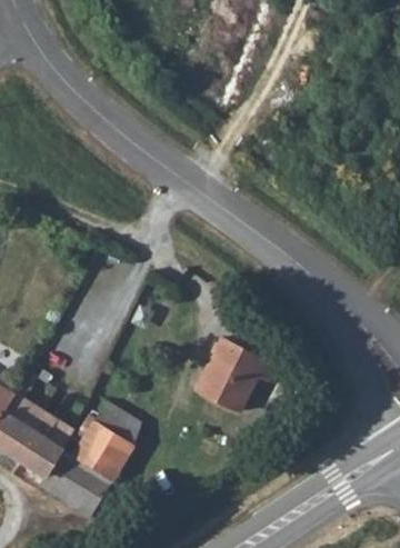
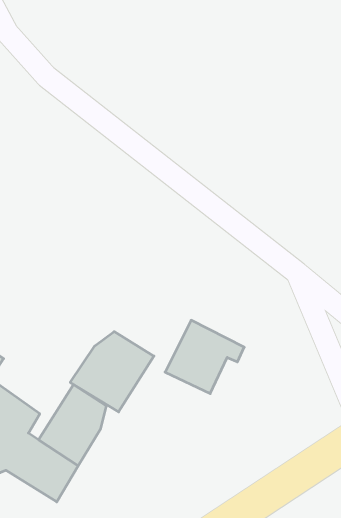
building: none -> [70,332,154,412]

